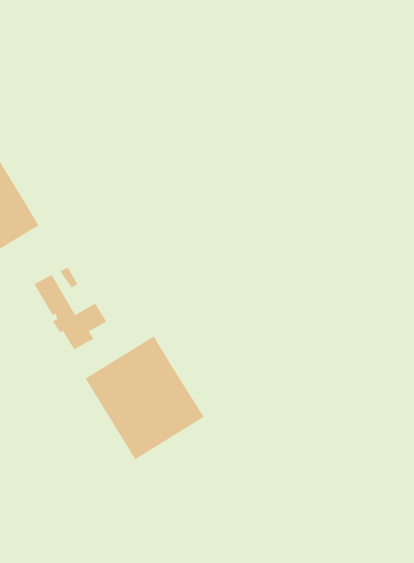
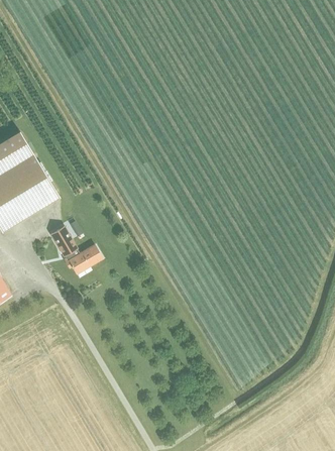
building: [85,335,204,460] -> none

